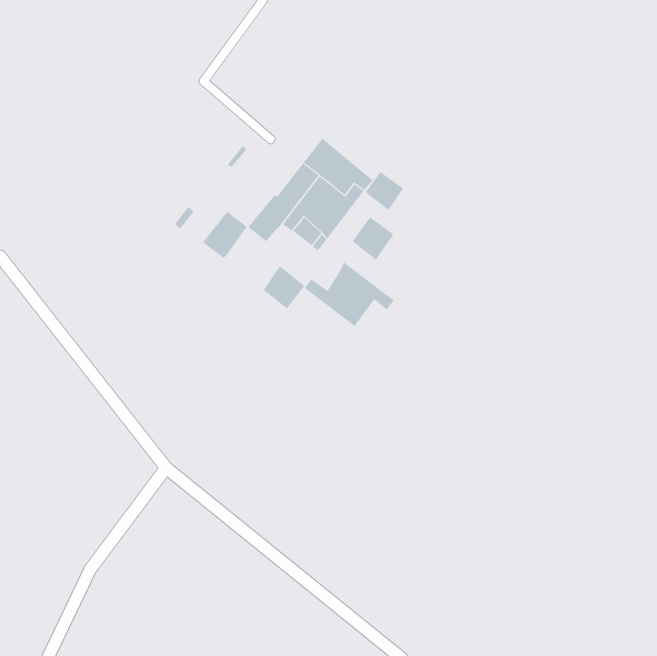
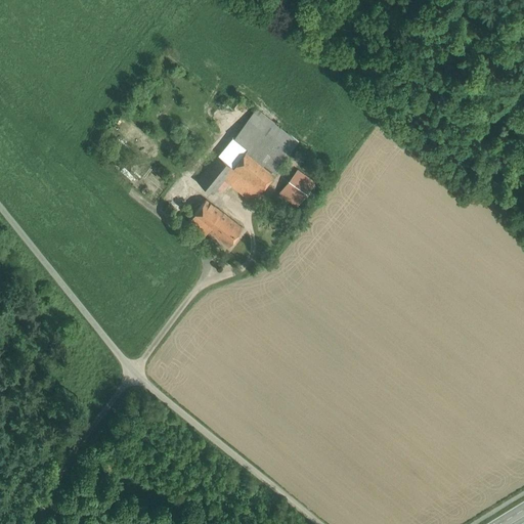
building: [365,171,404,211] -> none
building: [202,211,247,259] -> [187,201,223,238]
building: [304,261,395,327] -> none

